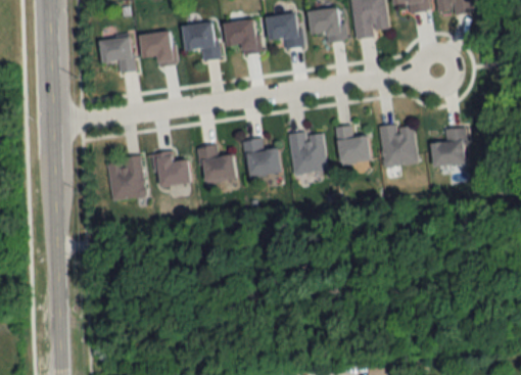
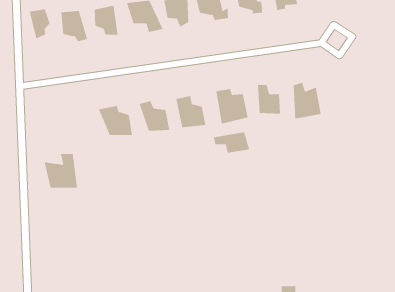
building: none -> [29,9,50,39]
building: [433,126,467,165] -> none
building: [104,154,145,196] -> [44,153,78,188]
building: none -> [213,131,250,154]

